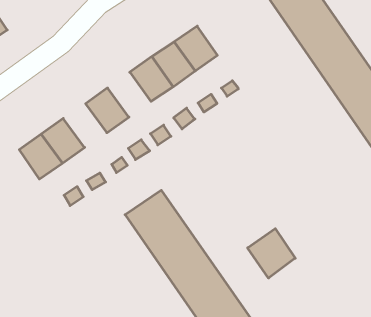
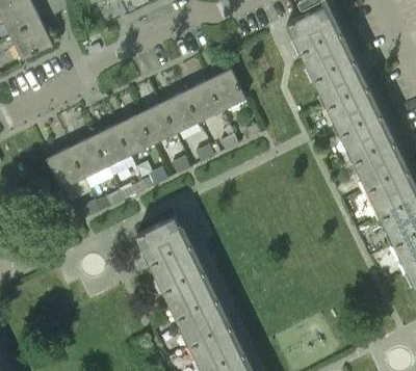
building: none -> [138,102,177,143]
building: none -> [93,125,131,165]
building: [248,229,295,278] -> none

